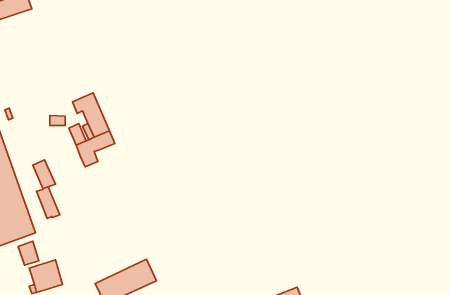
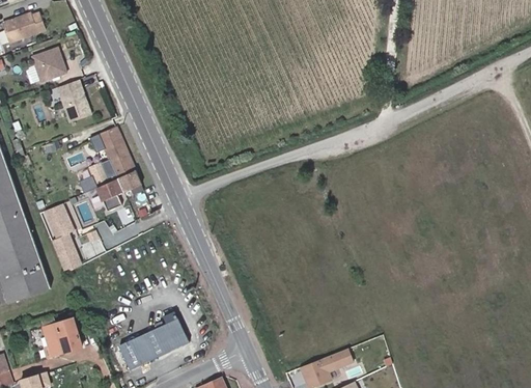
building: none -> [31,48,65,82]
building: none -> [56,80,90,122]
building: [18,241,39,265] -> none

